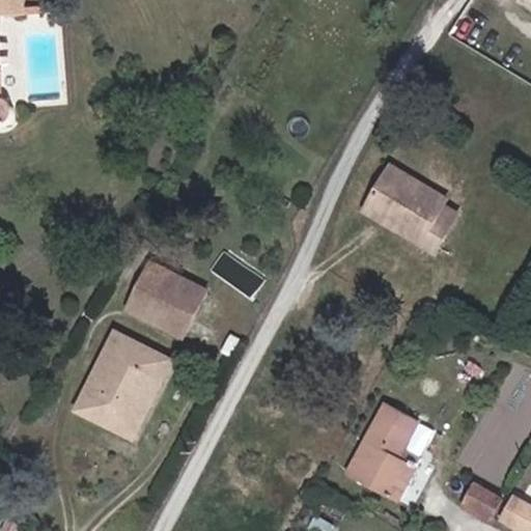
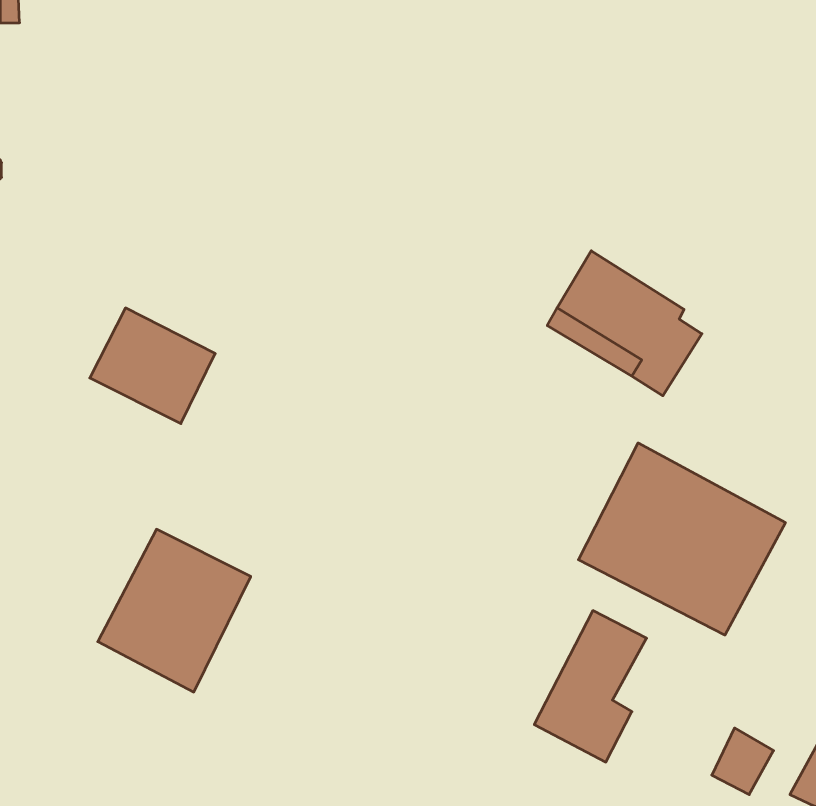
building: [121,271,201,344] -> [90,308,215,424]
building: none -> [578,443,785,635]

